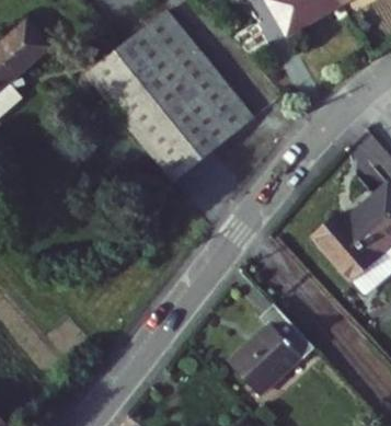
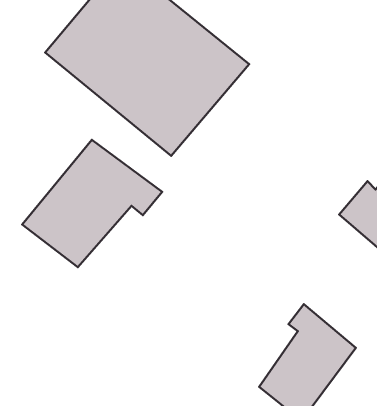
building: none -> [22,140,162,267]

